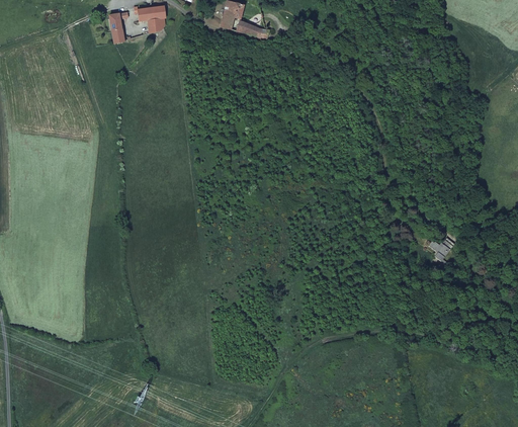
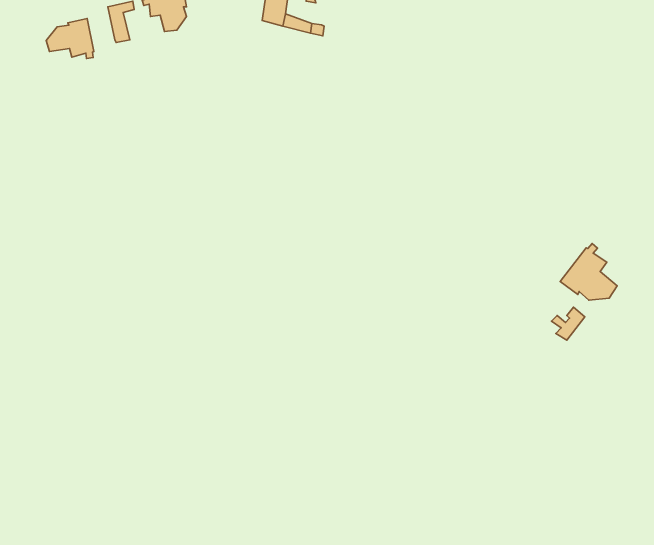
building: none -> [46,19,94,58]
building: none -> [560,244,617,300]

